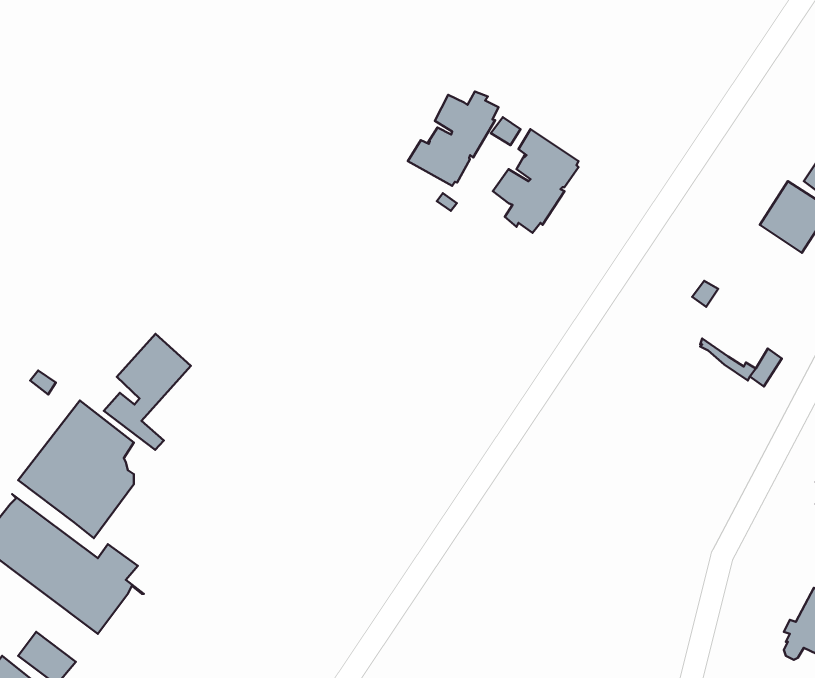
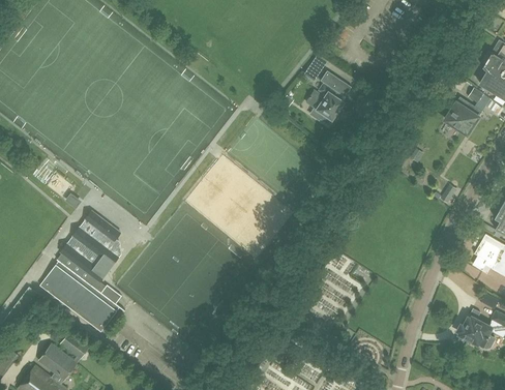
building: [408,91,499,186] -> none
building: [104,334,191,450] -> none

